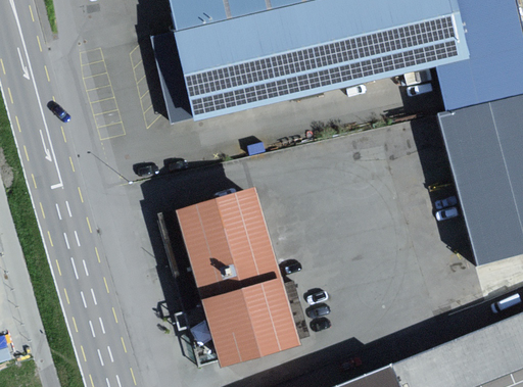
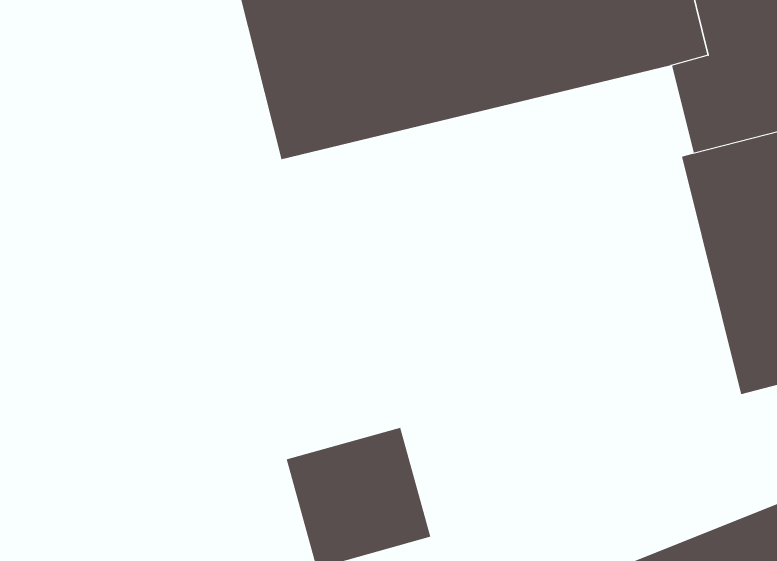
building: [178,196,271,300] -> none

